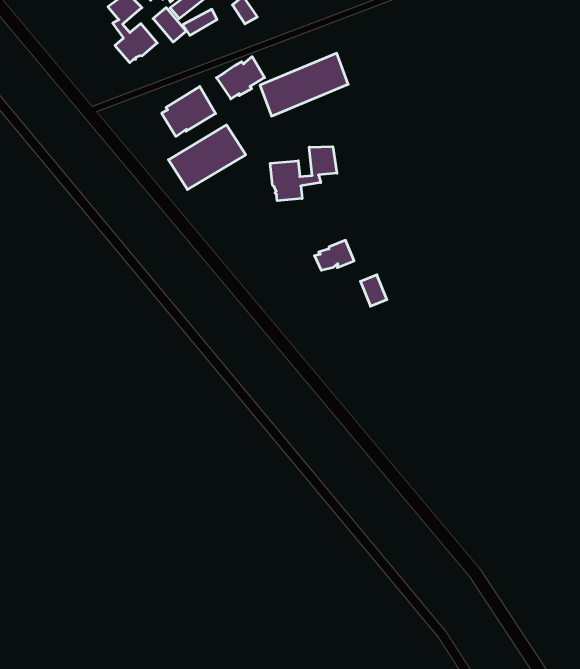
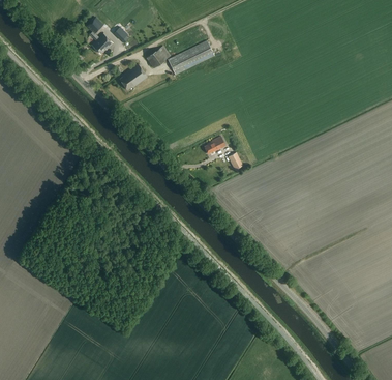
building: [168,125,246,190] -> none
building: [270,147,337,201] -> none

